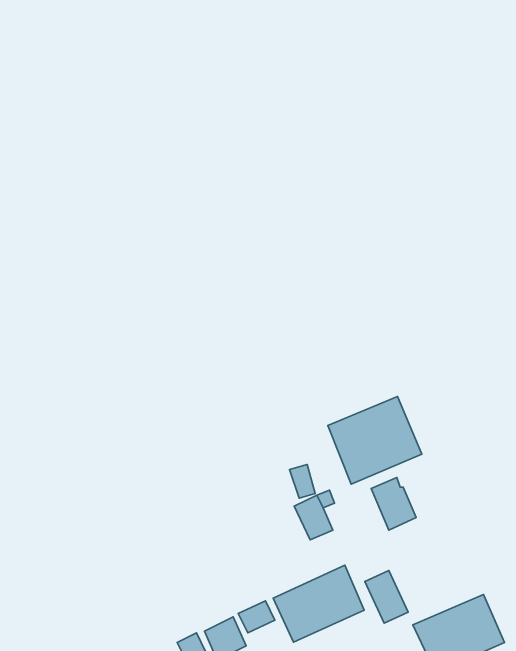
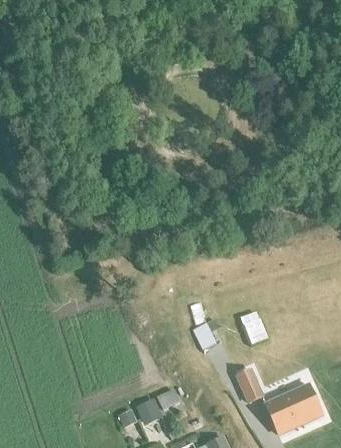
building: [328,397,422,484] -> none
building: [273,565,364,642] -> none

